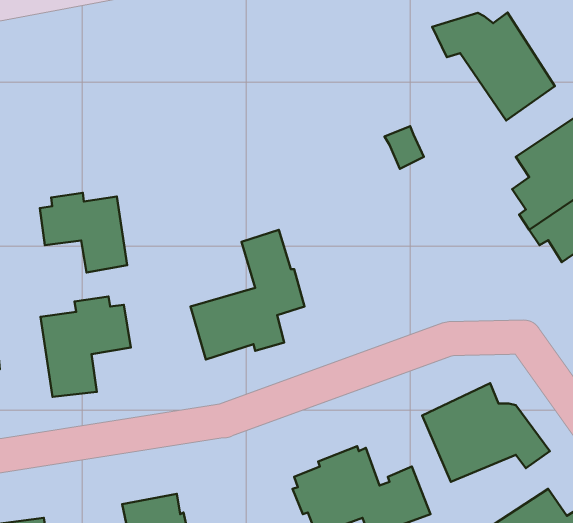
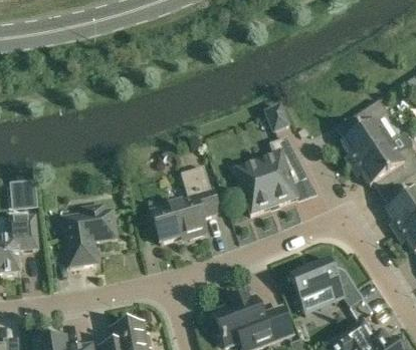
building: [432,12,555,120] -> none
building: none -> [234,136,310,215]
building: [40,193,127,273] -> none

